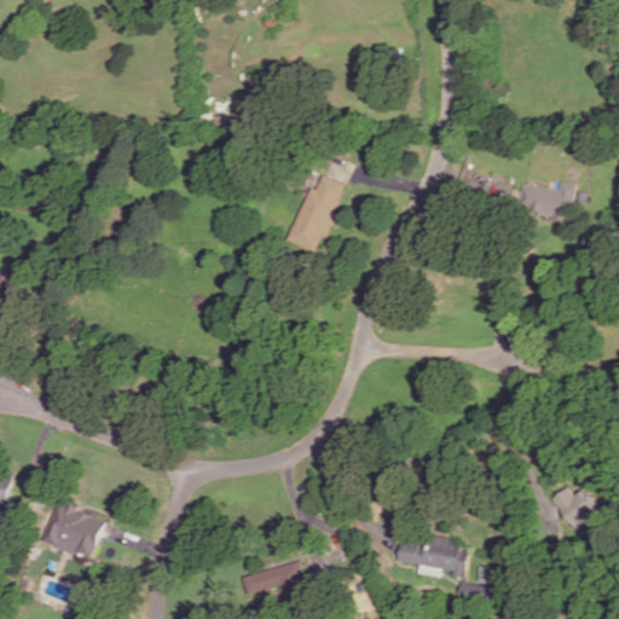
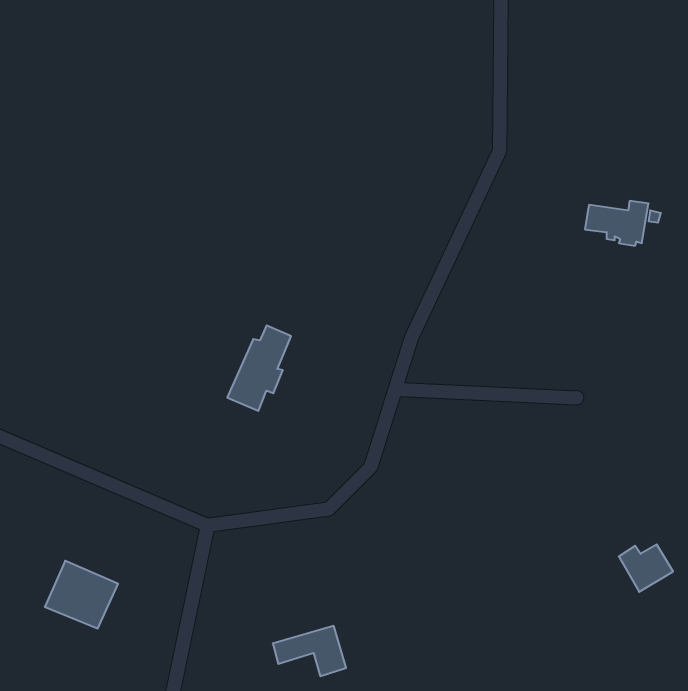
building: [287,174,343,250] -> [227,325,291,411]
building: [400,533,470,574] -> none

